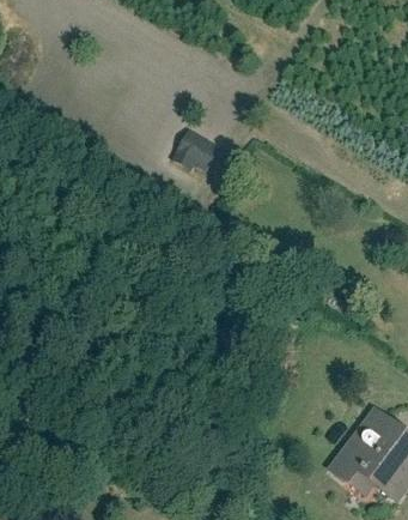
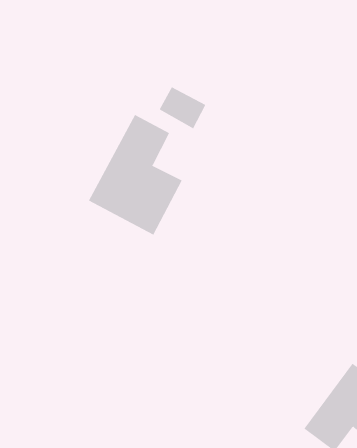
building: none -> [88,114,183,236]

